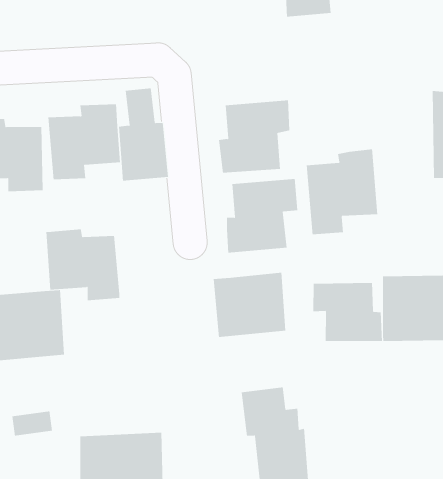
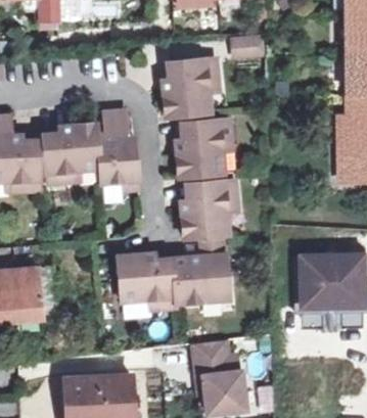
building: none -> [164,59,218,118]
building: [306,149,378,235] -> none
building: [46,229,120,301] -> [118,252,175,308]
building: [313,282,382,342] -> none

